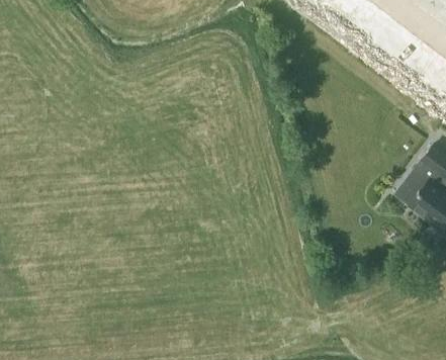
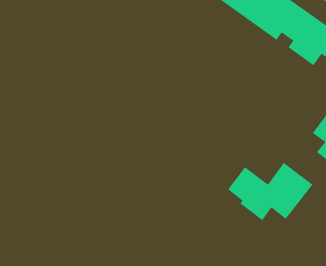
building: none -> [227,162,313,221]

